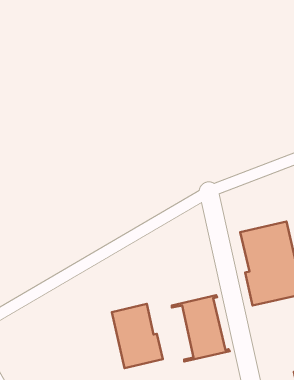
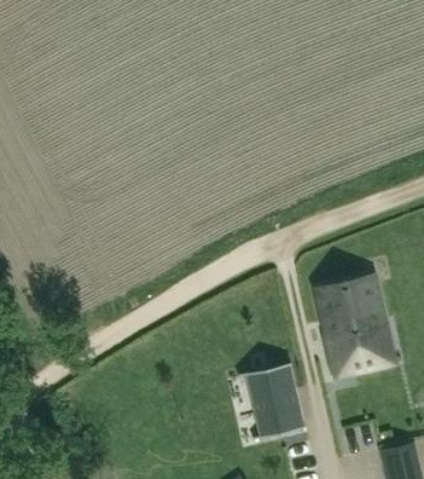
building: [112,304,163,368] -> none

